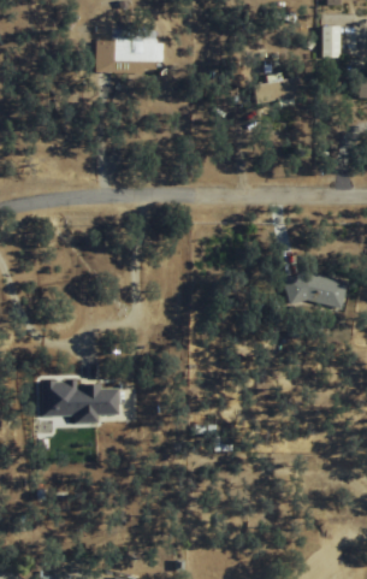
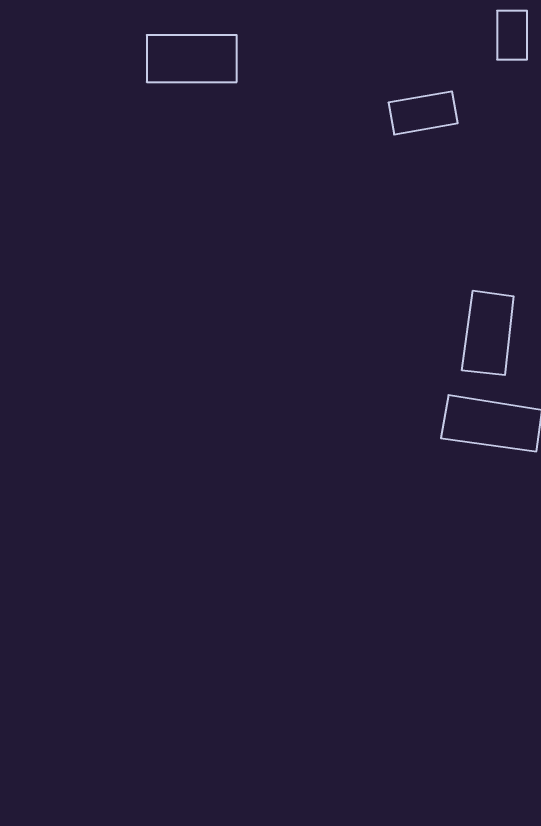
building: none -> [462,291,514,375]
building: [42,382,122,421] -> none

